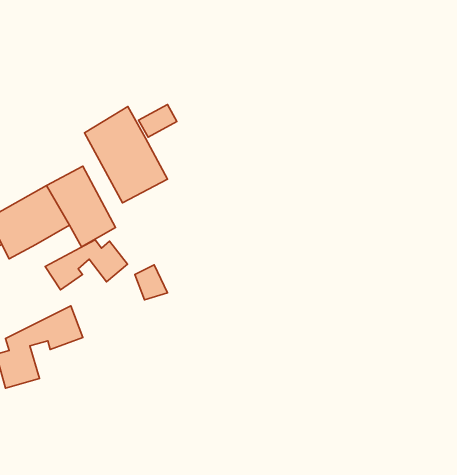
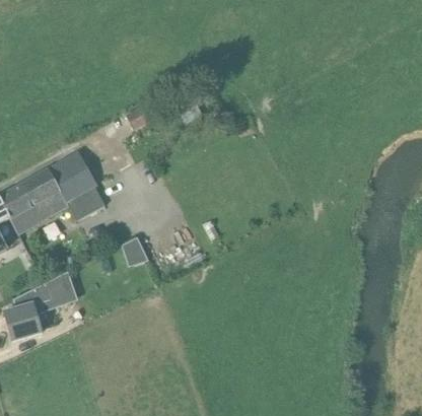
building: [85,106,167,203] -> none
building: [45,240,128,290] -> none

